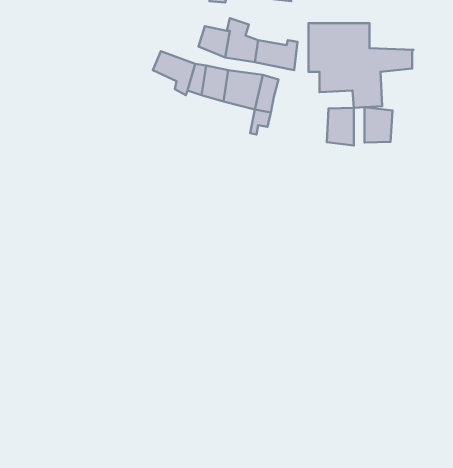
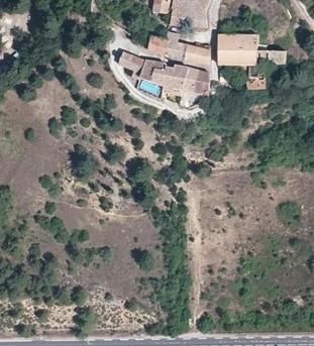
building: [364,107,392,143] -> none
building: [327,108,354,145] -> none

